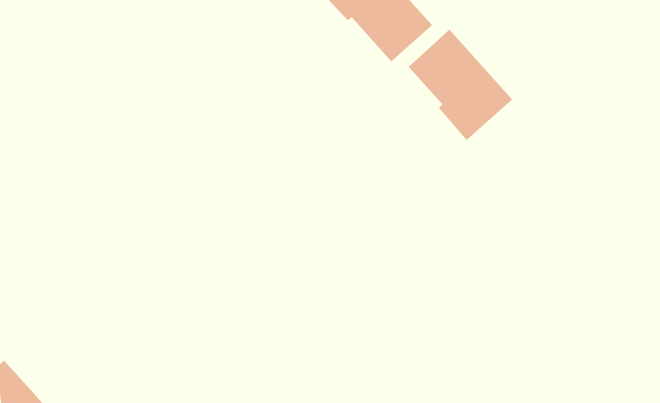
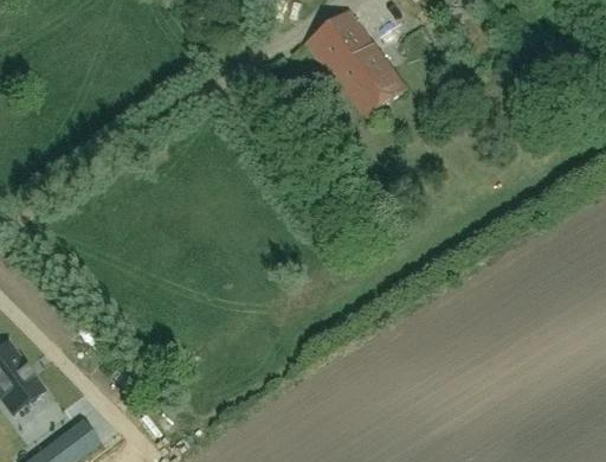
building: [408,29,513,141] -> none

